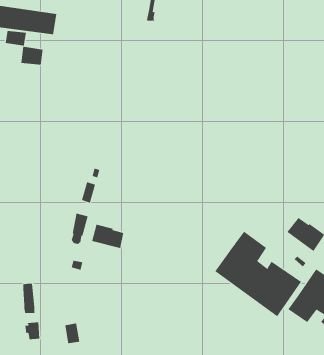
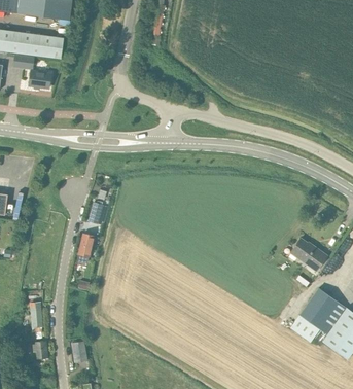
building: [91,224,124,249] -> none
building: [214,231,302,317] -> none

